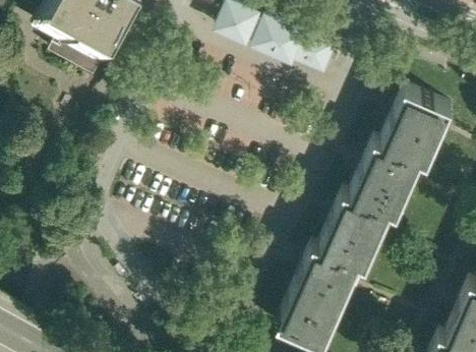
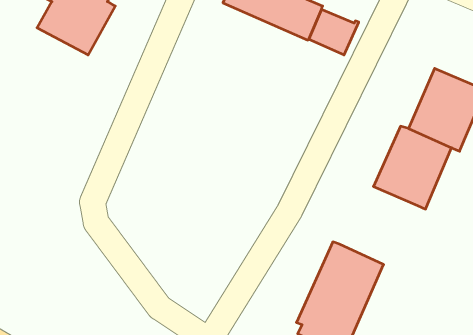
building: [319,192,390,267] -> none

